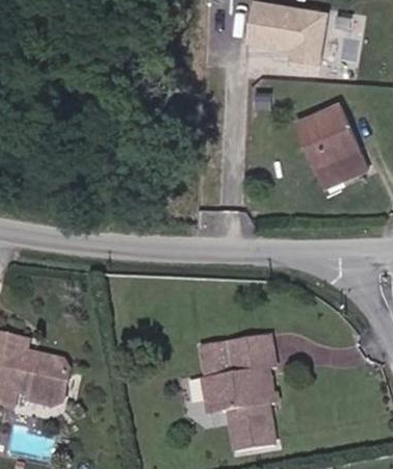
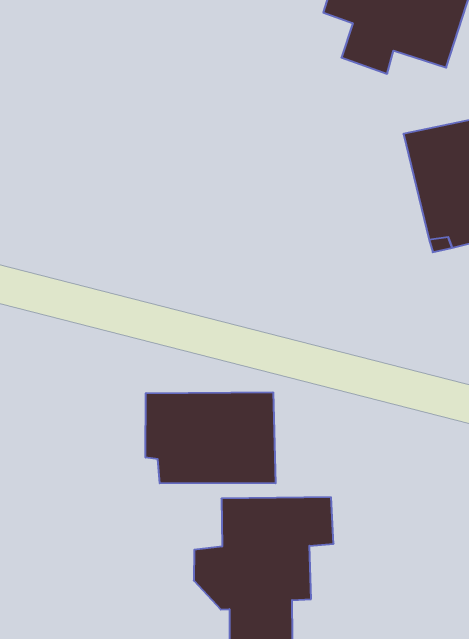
building: none -> [146,392,276,483]

